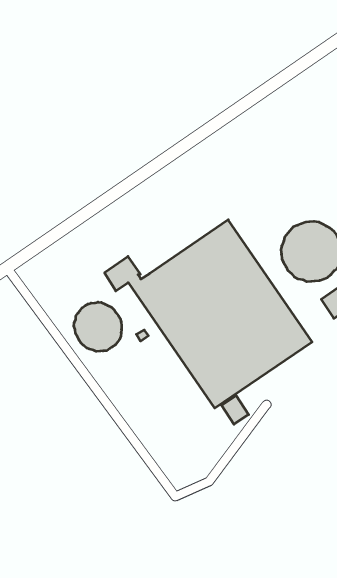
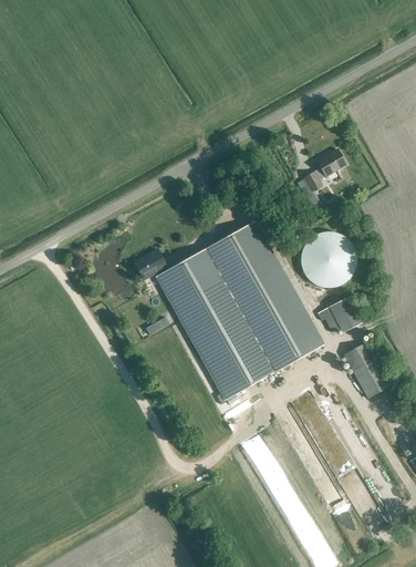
building: none -> [302,151,344,193]
building: [74,302,122,351] -> none

